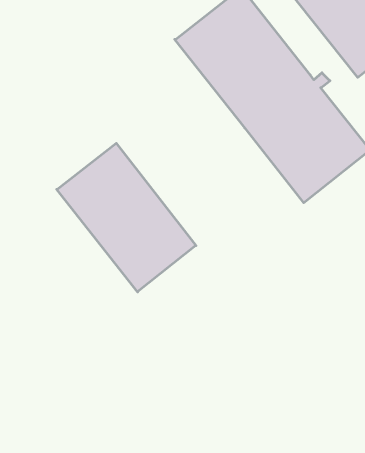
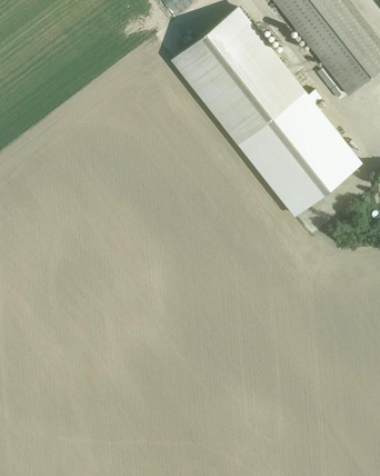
building: [57,143,196,292] -> none

